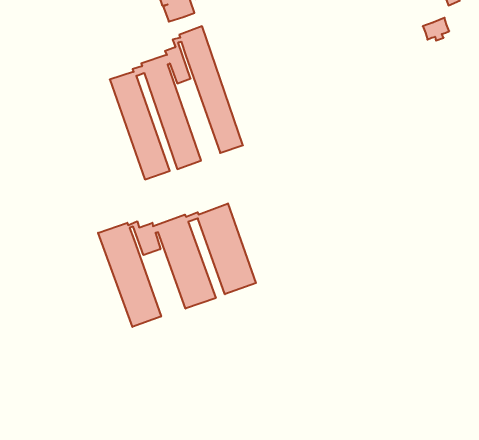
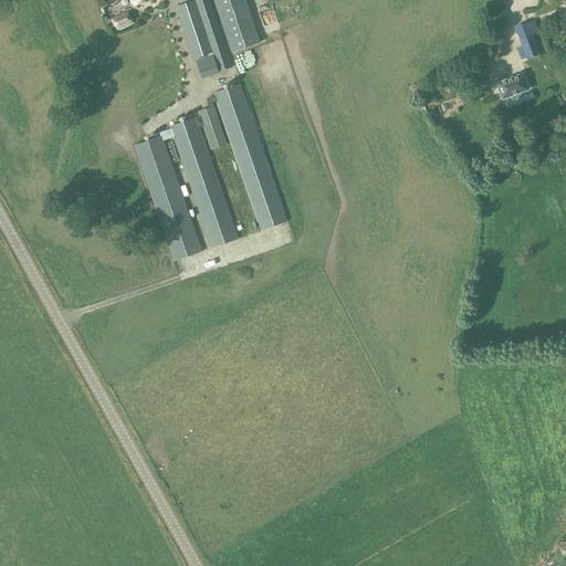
building: [98,203,256,327] -> none

